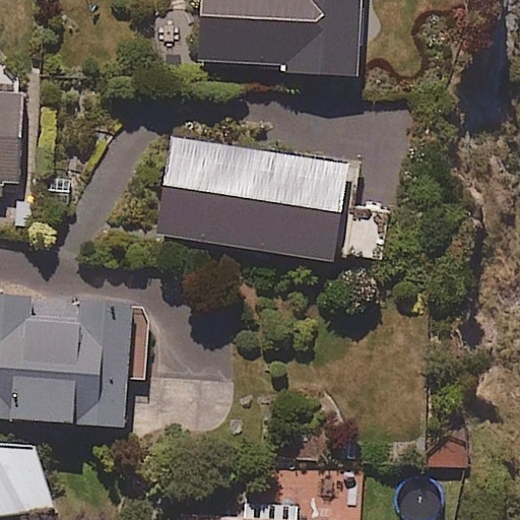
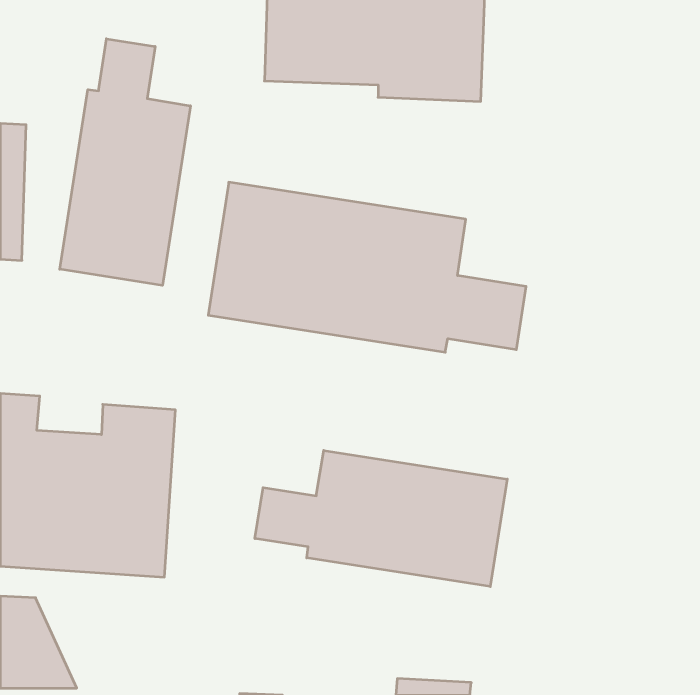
building: none -> [60,39,190,285]
building: none -> [255,450,507,587]

